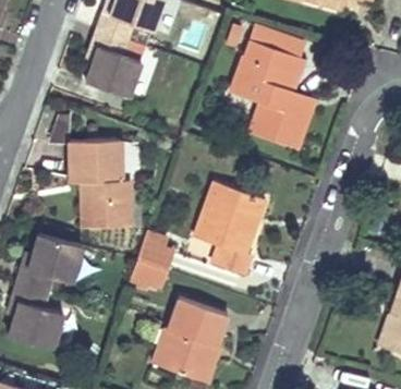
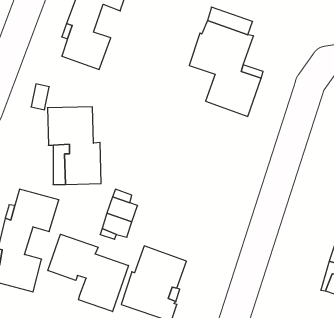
building: [194,181,266,275] -> none
building: none -> [48,234,128,312]

